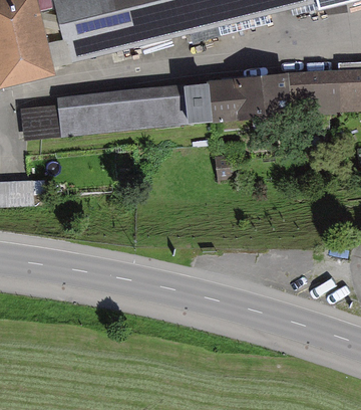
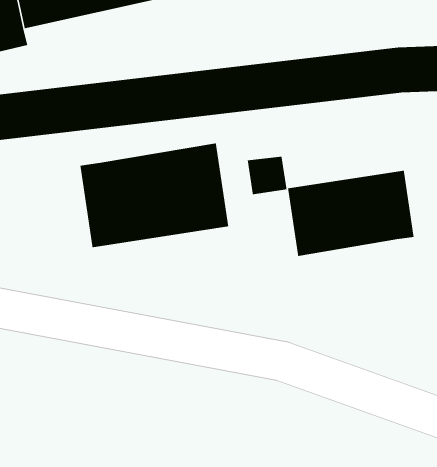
building: none -> [80,142,229,248]
building: none -> [287,170,414,257]

